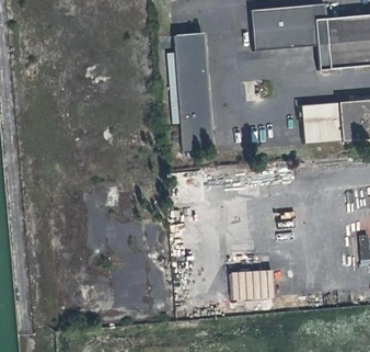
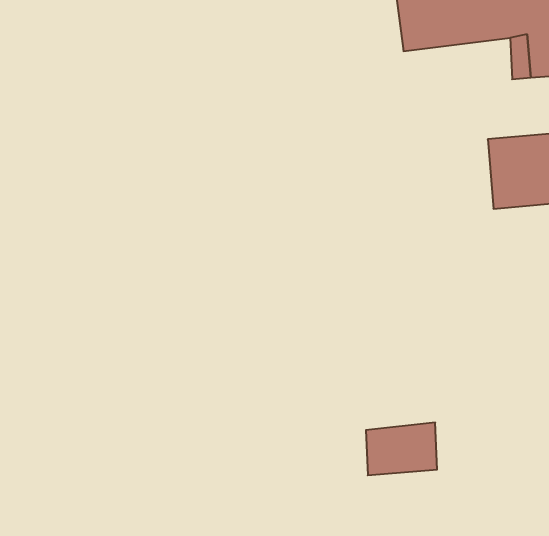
building: [176,34,213,149] -> none

